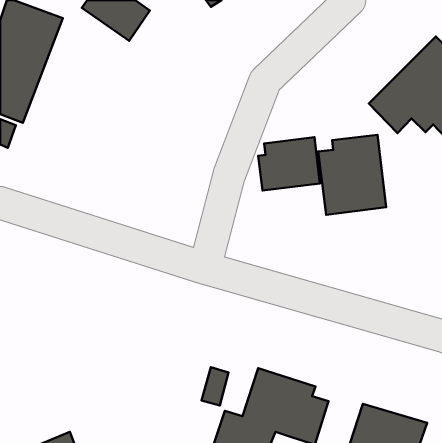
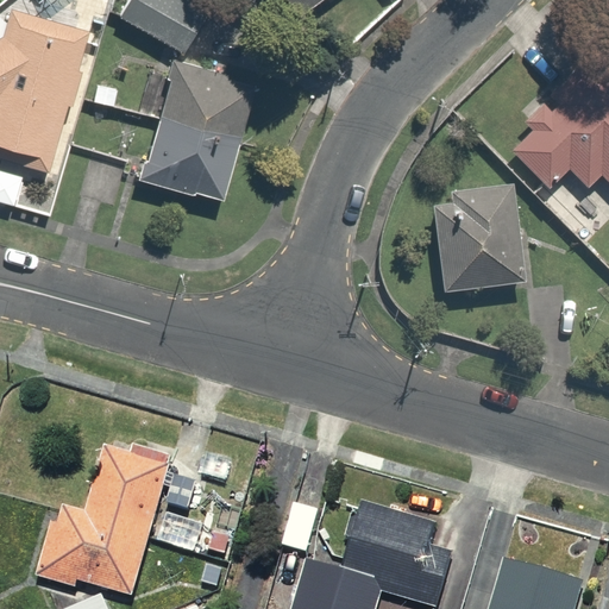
building: none -> [139,58,253,200]
building: [258,137,320,191] -> none
building: none -> [29,437,189,599]

